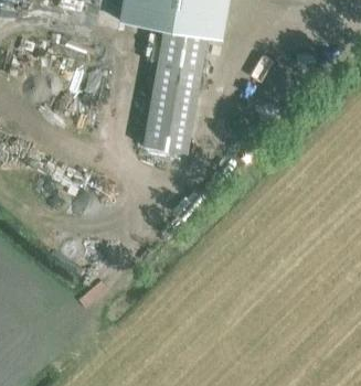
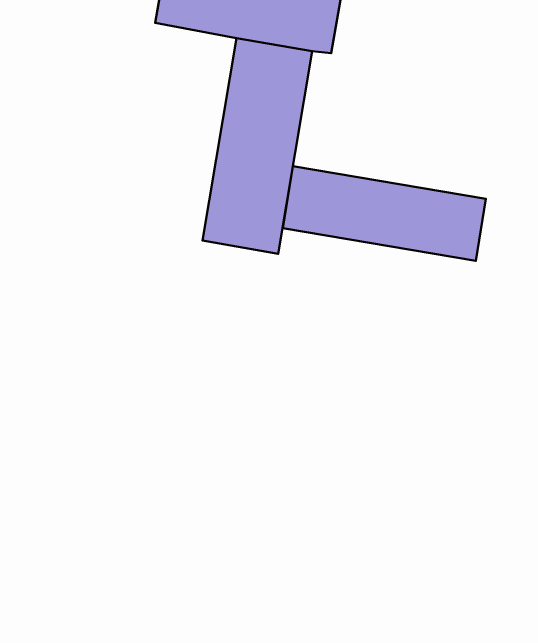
building: none -> [283,166,486,261]

